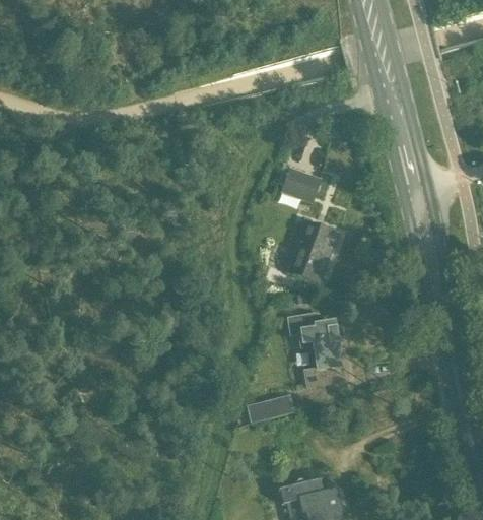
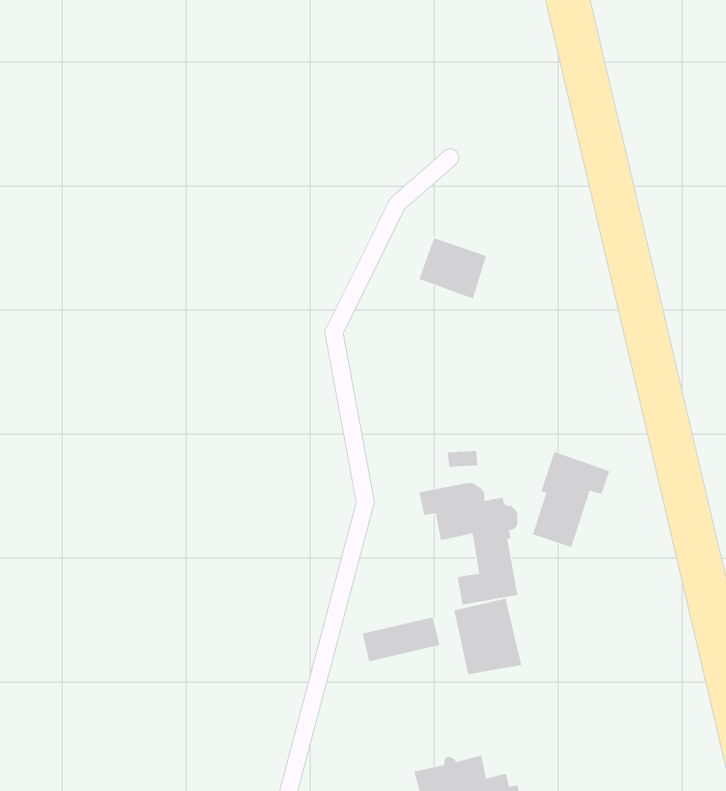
building: [292,222,340,281] -> [532,451,610,548]
building: none -> [454,598,522,675]

